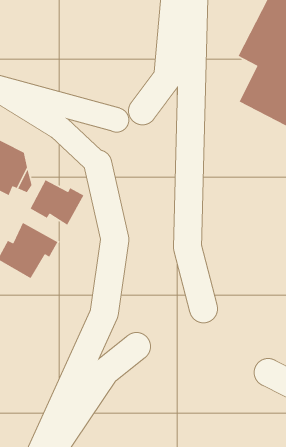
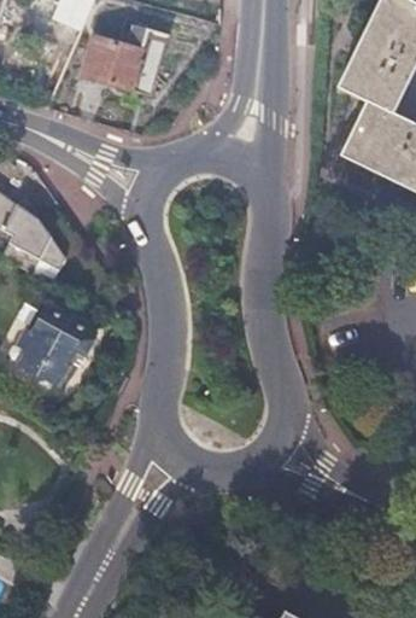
building: none -> [82,22,170,87]
building: [30,179,85,226] -> none

